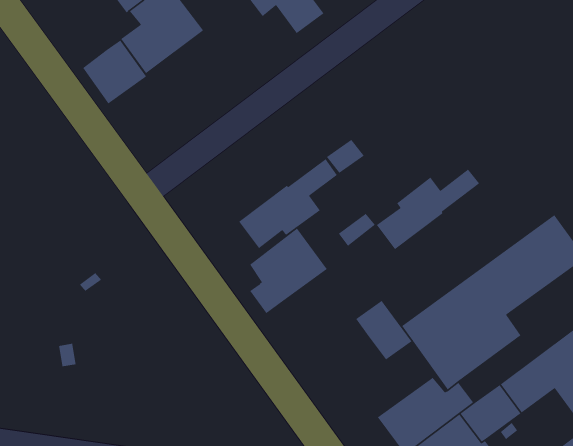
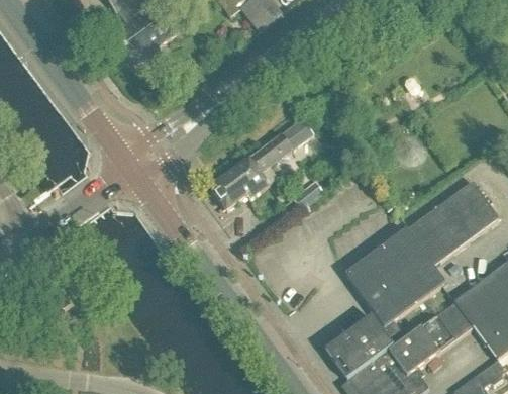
building: [82,39,147,105] -> none
building: [376,168,480,250] -> none
building: [249,228,328,314] -> none
building: [355,300,412,361] -> none

